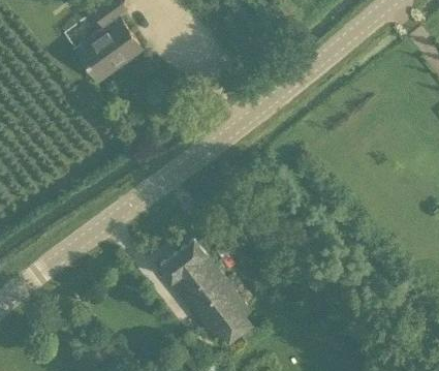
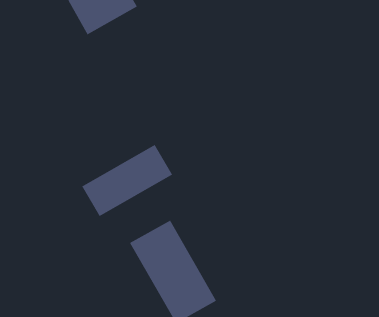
building: none -> [82,144,173,217]

